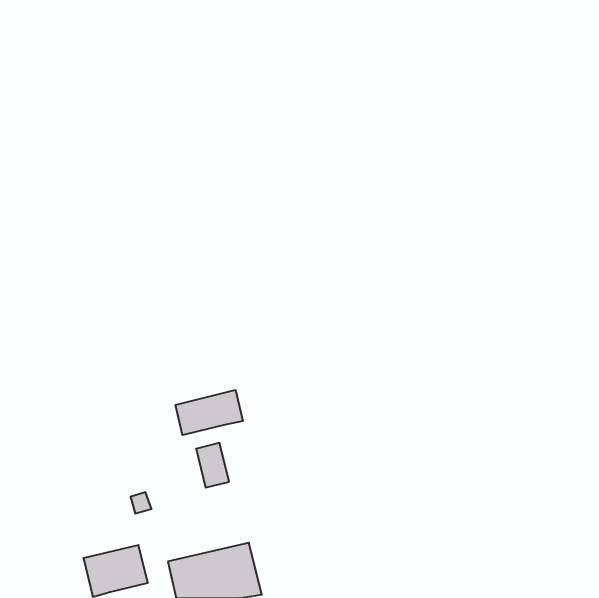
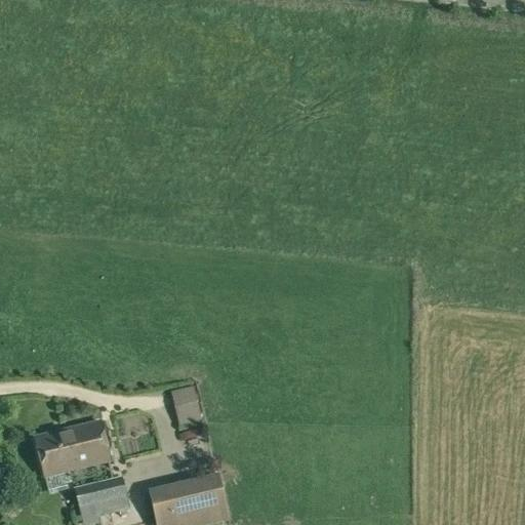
building: [175,390,243,435] -> none
building: none -> [33,418,112,478]

